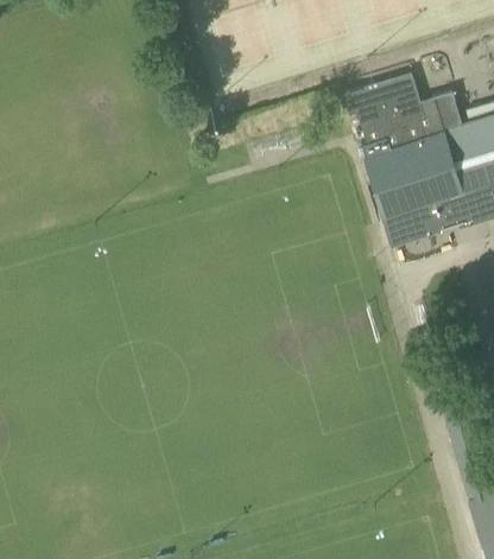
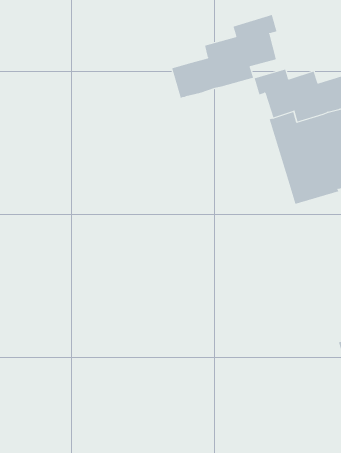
building: none -> [172,14,277,99]

